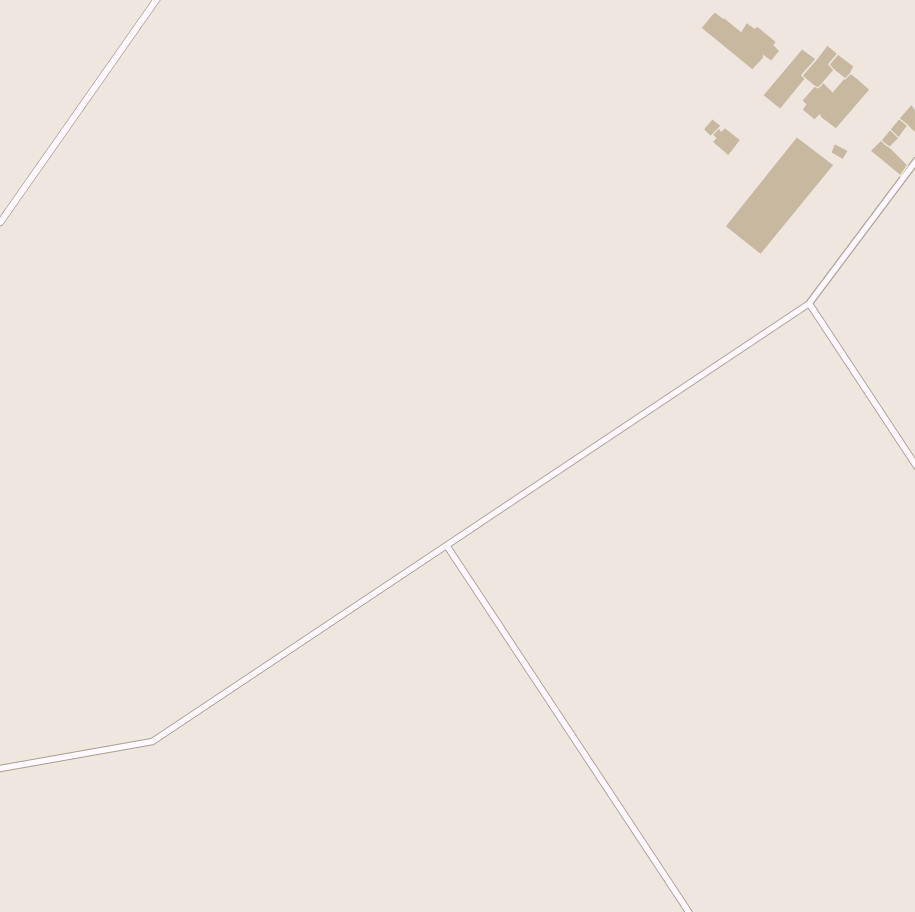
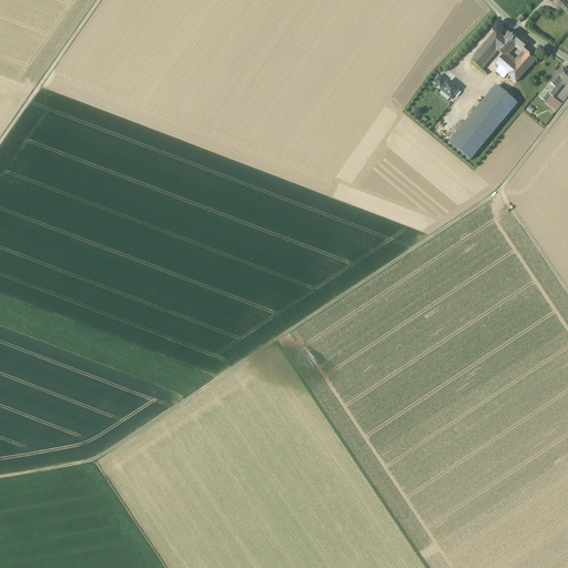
building: [701,12,780,70] -> none

